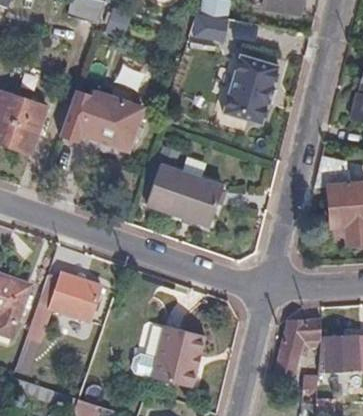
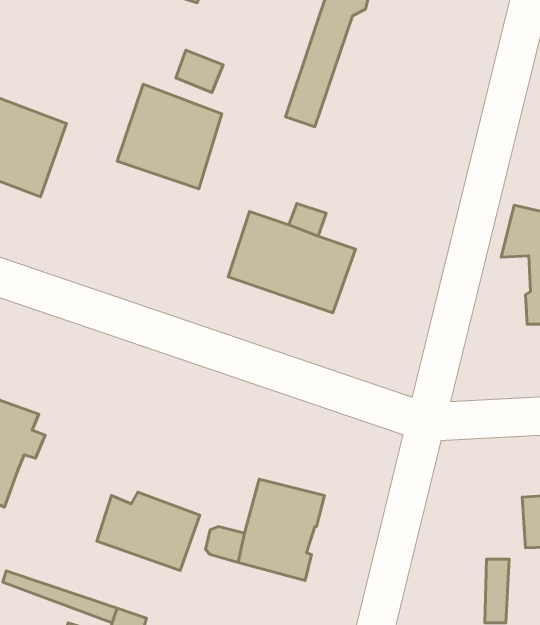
building: [223,54,276,121] -> none
building: [37,273,100,321] -> [97,492,200,571]
building: [274,318,319,376] -> none

